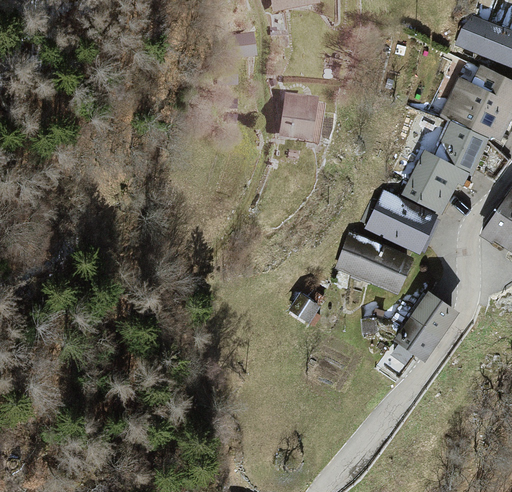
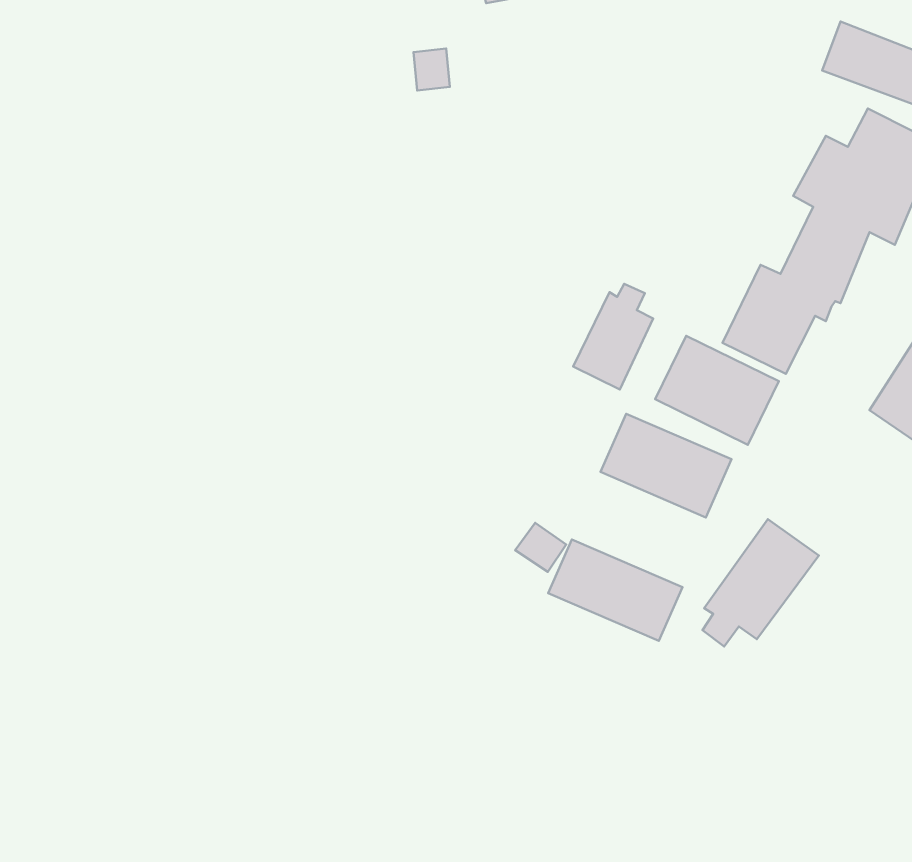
building: [281,95,316,139] -> none
building: none -> [573,284,653,390]
building: none -> [548,539,682,641]

